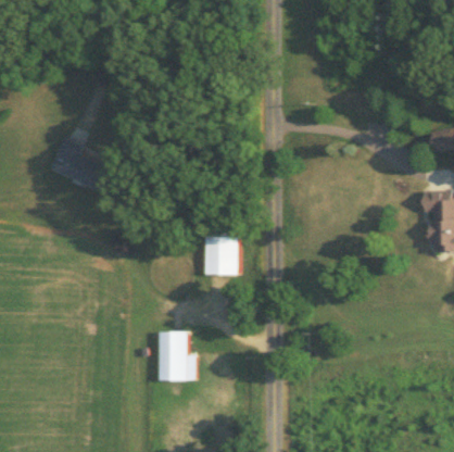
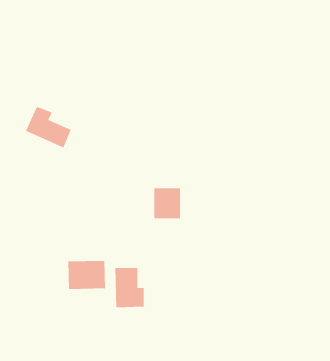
building: none -> [67,260,106,290]

